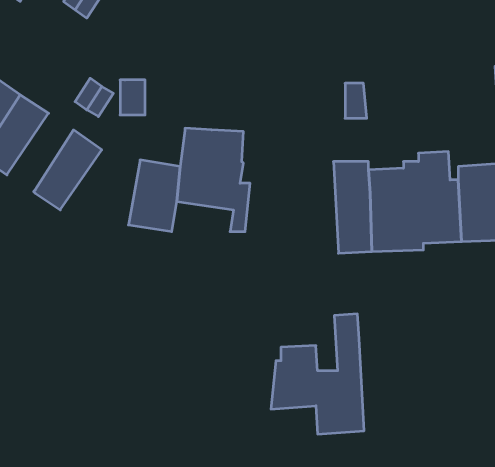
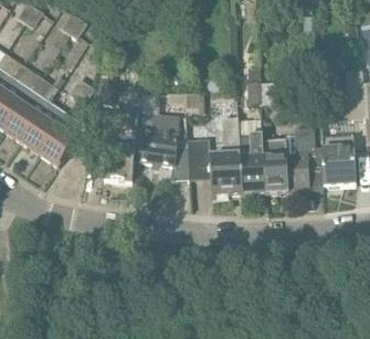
building: none -> [22,100,66,152]
building: [271,314,364,434] -> [180,116,242,195]

